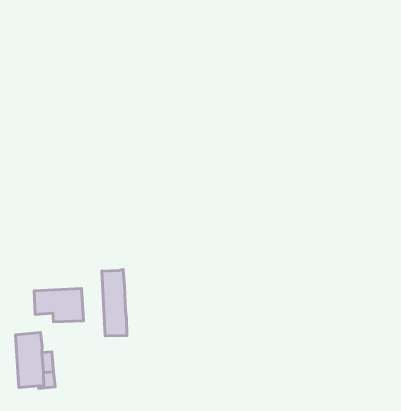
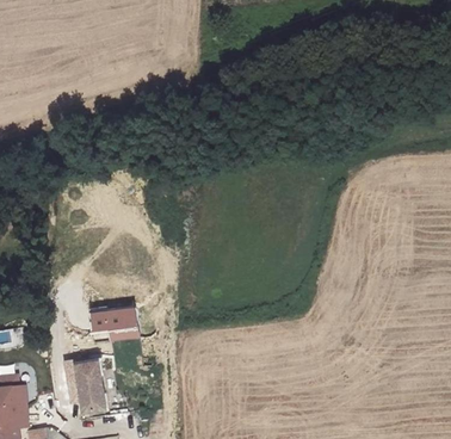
building: [102,269,127,336] -> none

